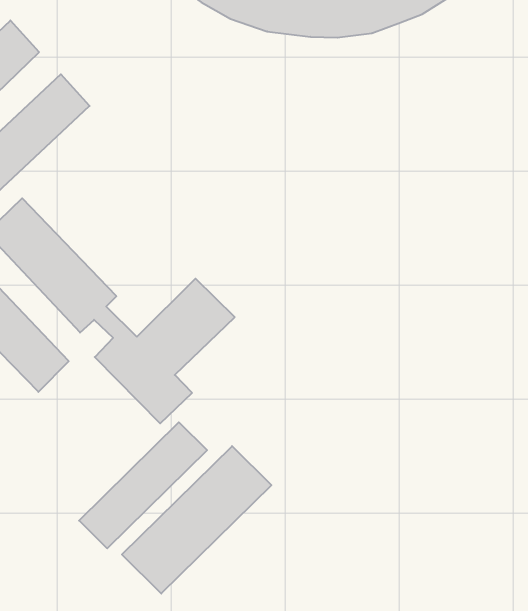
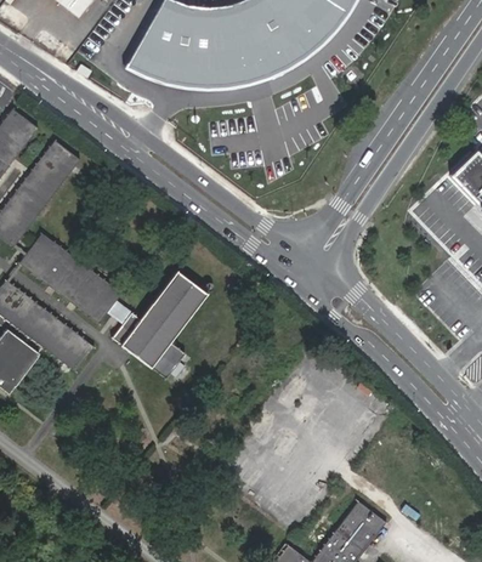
building: [79,422,207,548] -> none
building: [122,446,271,594] -> none

